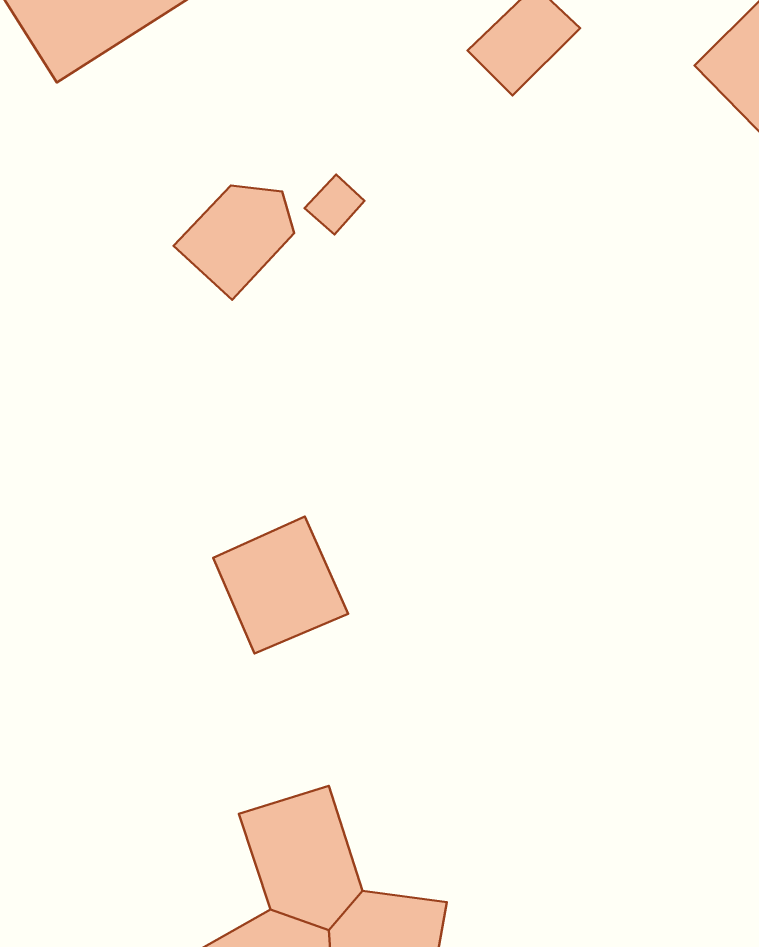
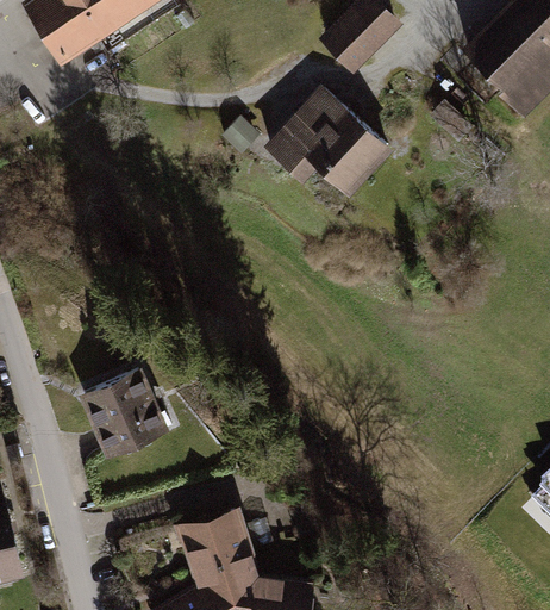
building: none -> [273,94,386,191]
building: [173,186,294,300] -> none
building: [213,516,348,653] -> [82,371,168,458]

